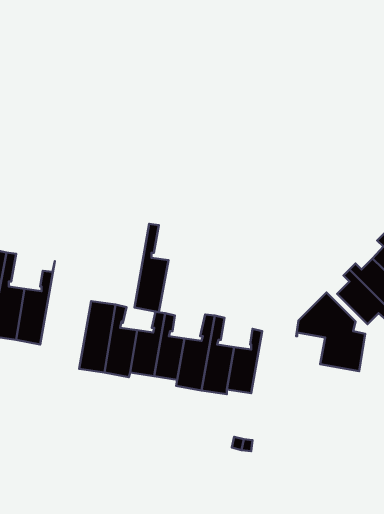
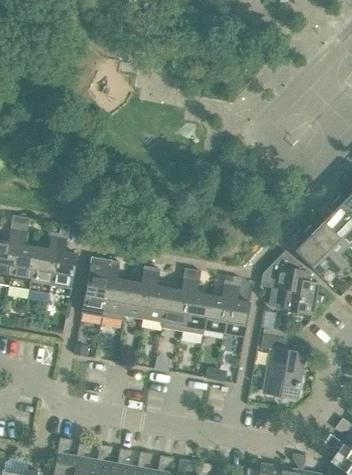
building: [134,224,168,312] -> [49,223,77,296]
building: none -> [223,275,250,336]
building: none -> [260,333,303,397]

